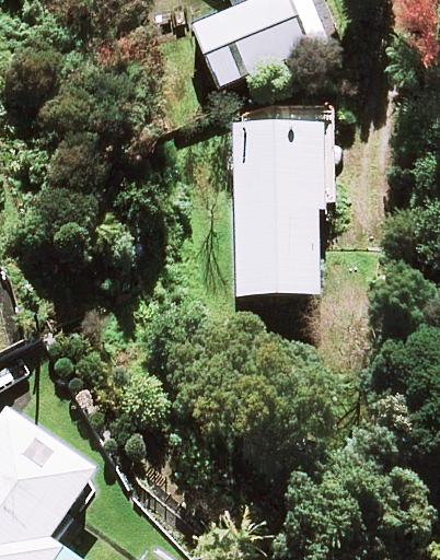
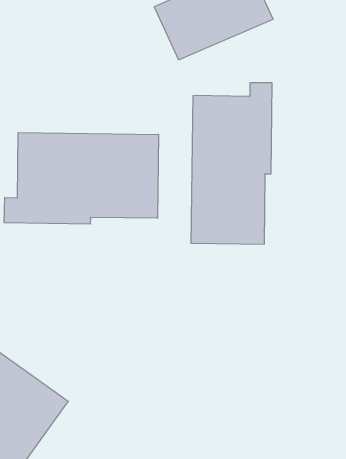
building: none -> [4,133,159,224]

